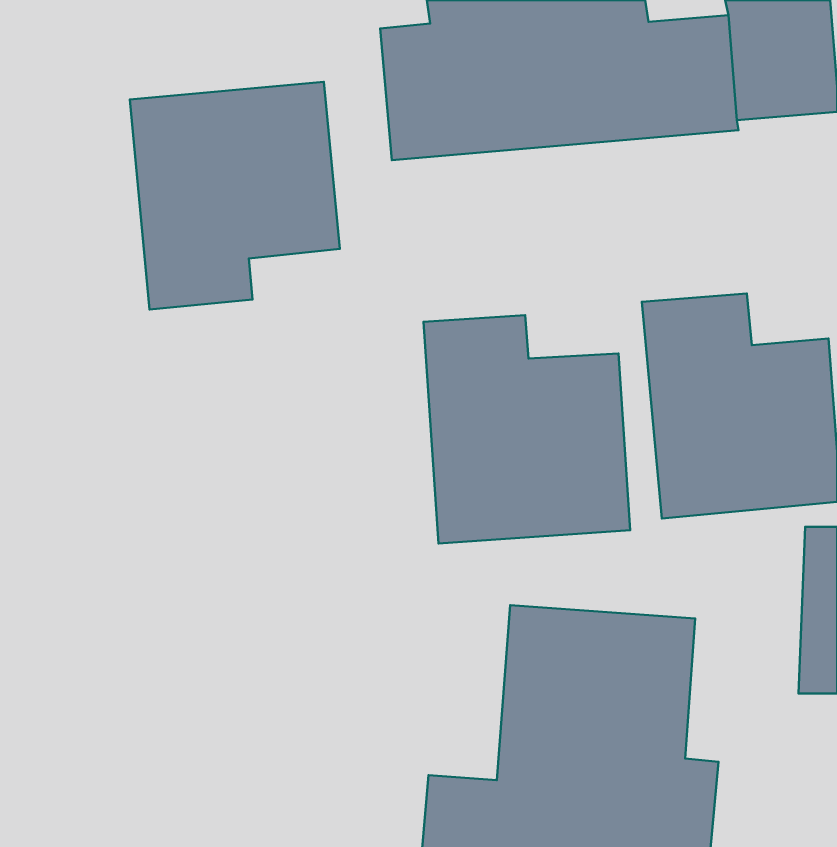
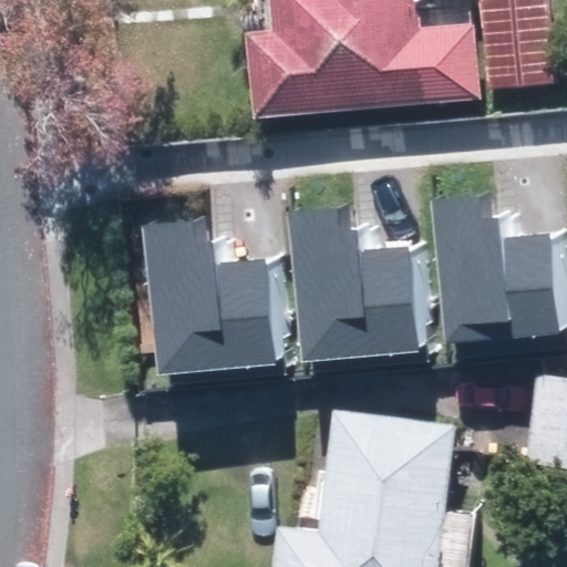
building: [130,82,340,309] -> none
building: none -> [132,223,276,379]

